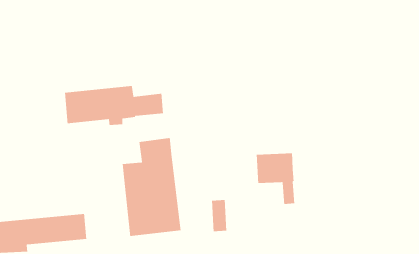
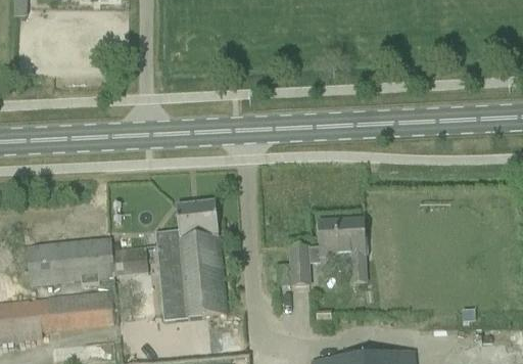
building: [64,85,164,126] -> [28,237,148,286]
building: [211,199,227,232] -> [290,245,310,285]

